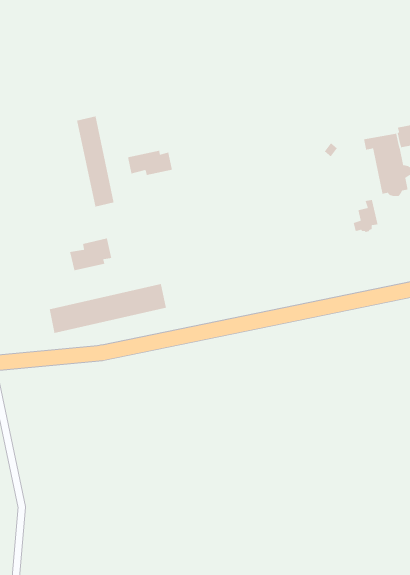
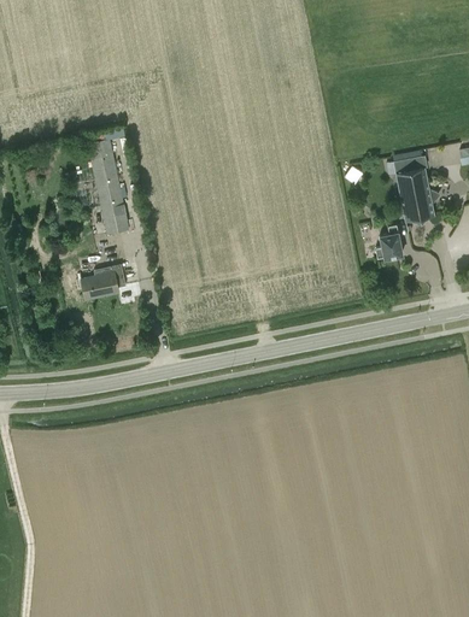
building: [127,150,173,176] -> none
building: [49,283,167,334] -> none

